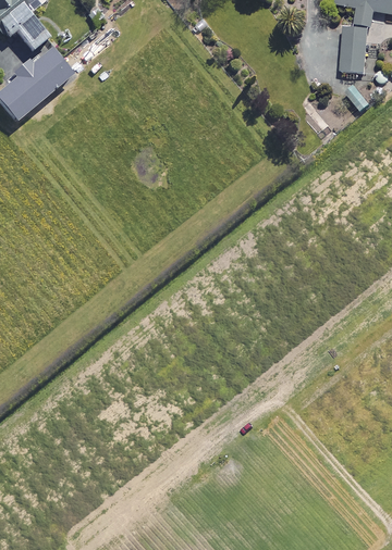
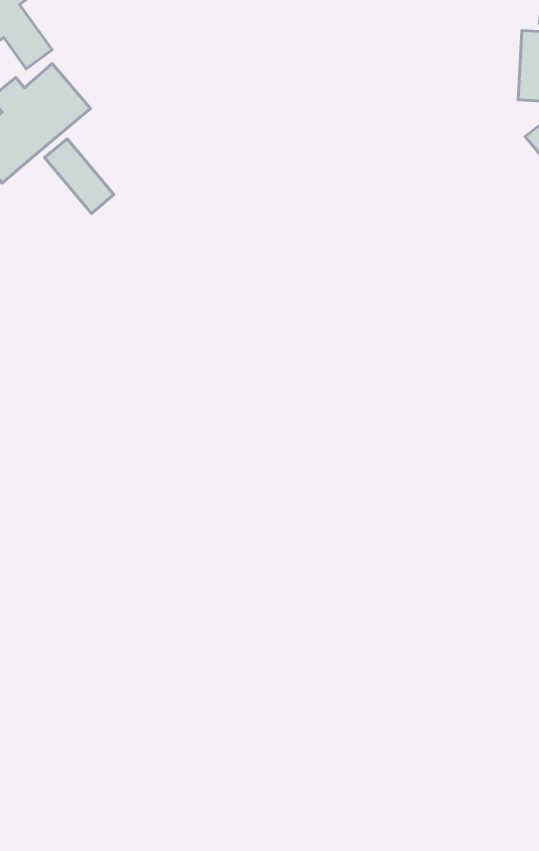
building: none -> [45,139,114,213]

